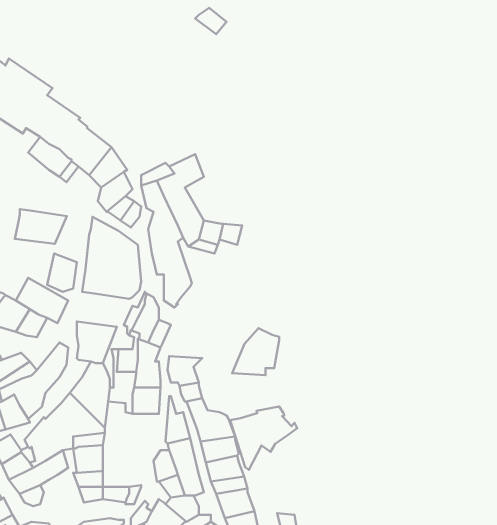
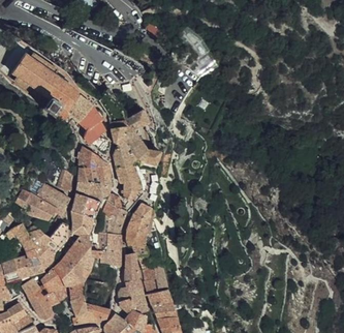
building: [15,209,67,244] -> [72,192,103,213]
building: [232,328,279,375] -> [127,204,155,232]
building: [230,407,297,470] -> none

